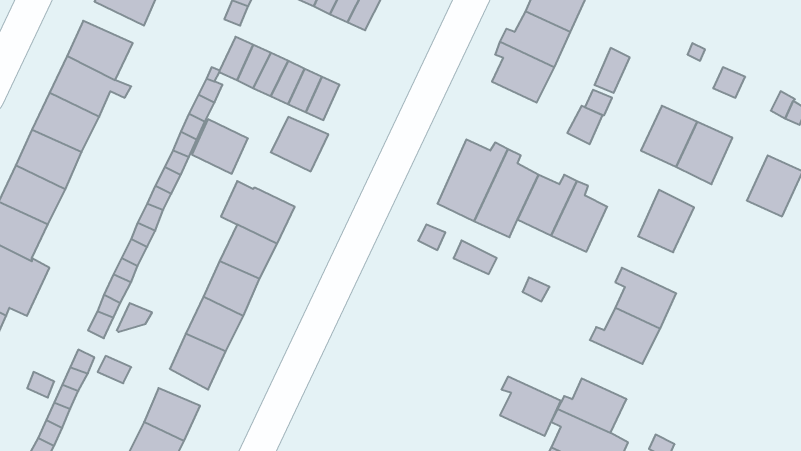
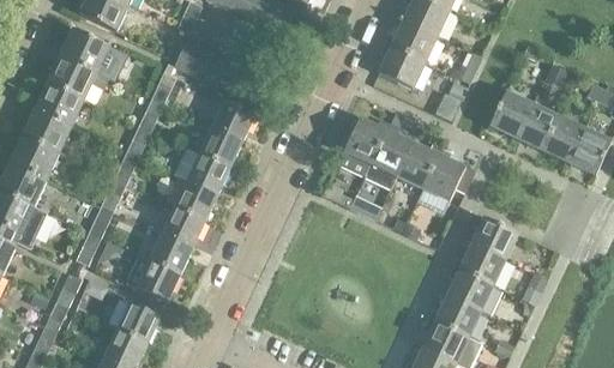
building: [192,119,248,174] -> [200,127,242,168]
building: [638,190,694,252] -> [542,116,584,163]
building: [500,377,561,436] -> [445,267,490,312]

